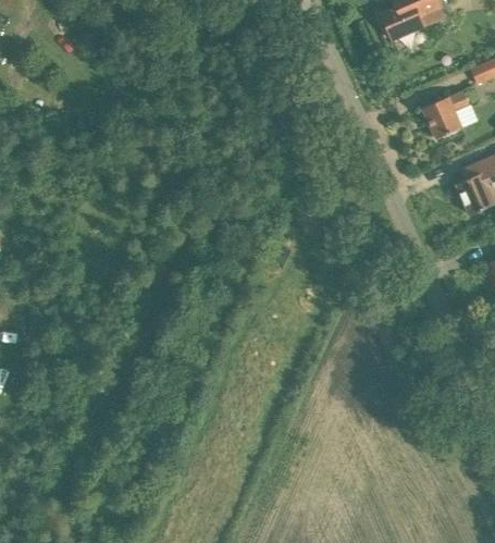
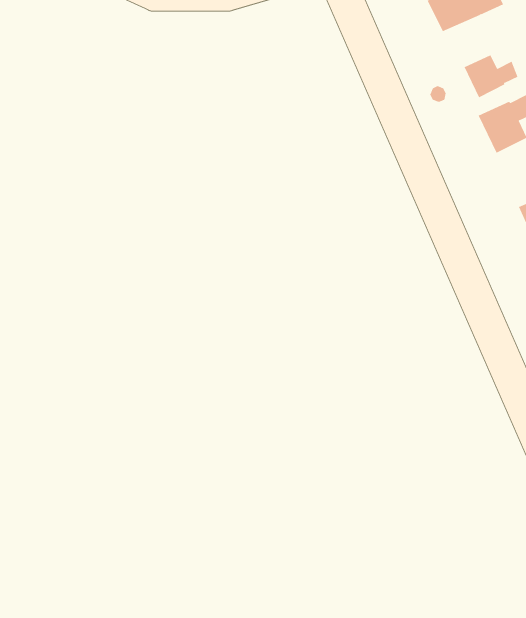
building: none -> [464,54,518,98]

